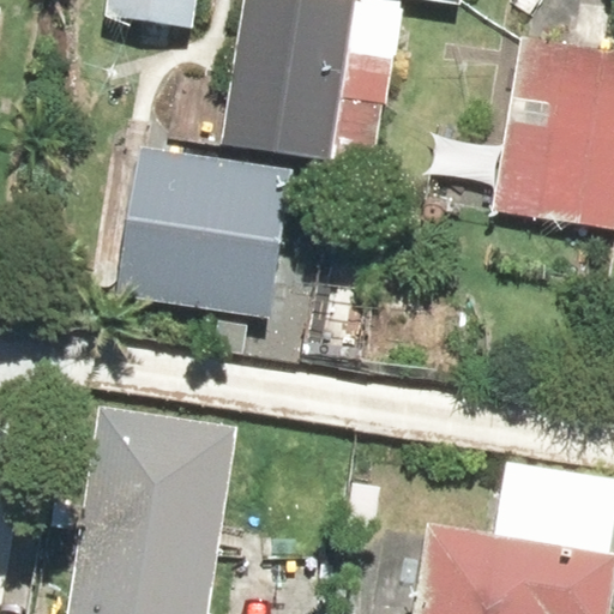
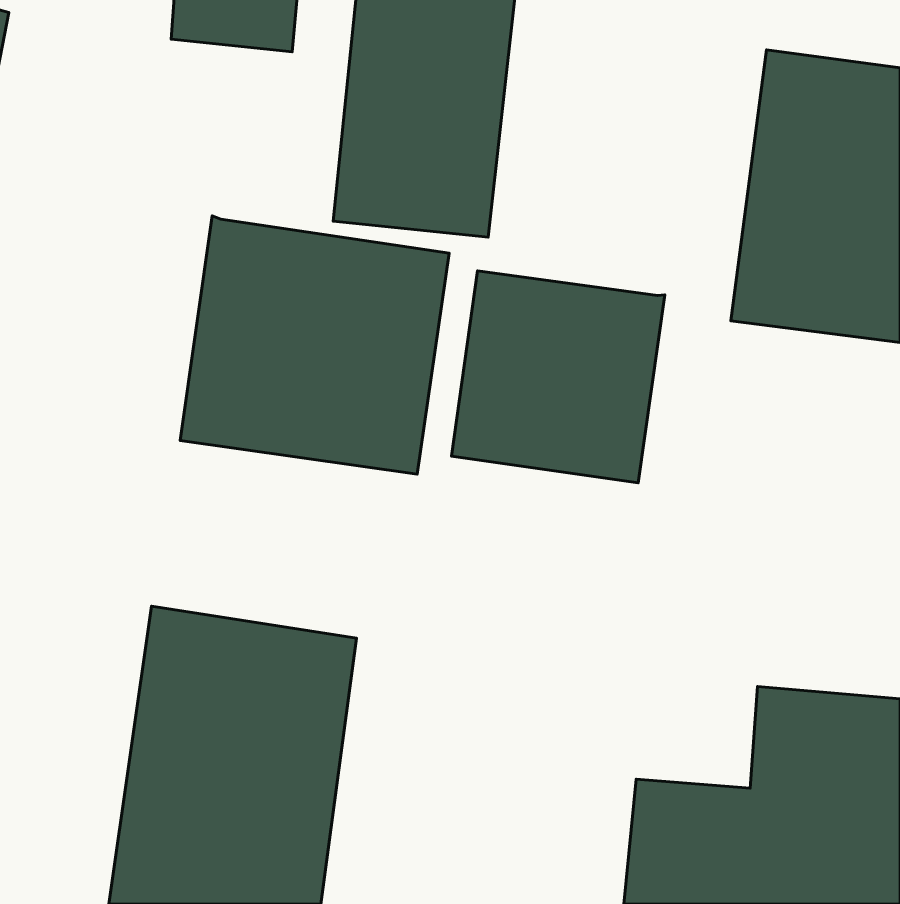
building: none -> [451,271,665,483]

